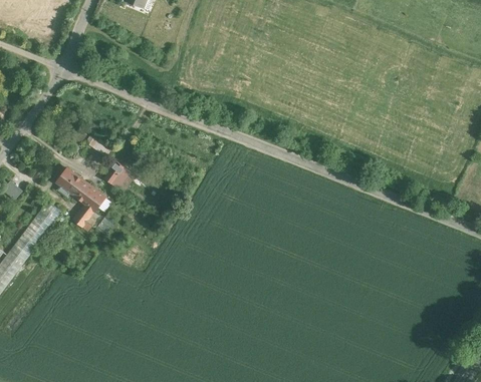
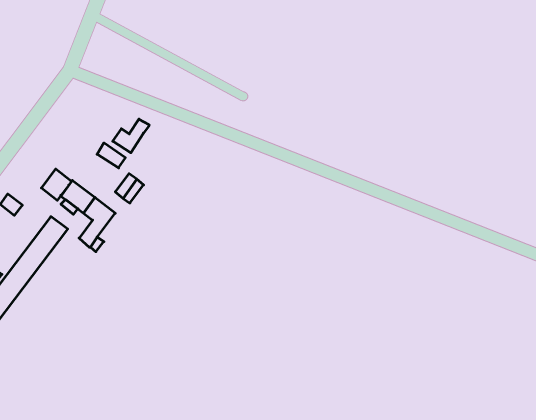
building: none -> [113,119,149,153]
building: none -> [41,169,72,200]

